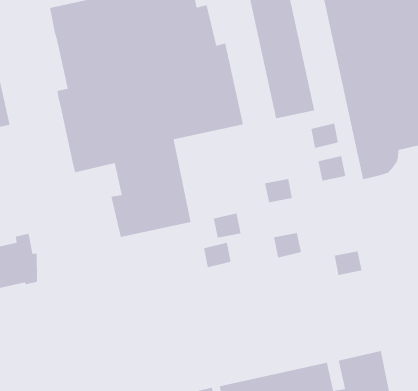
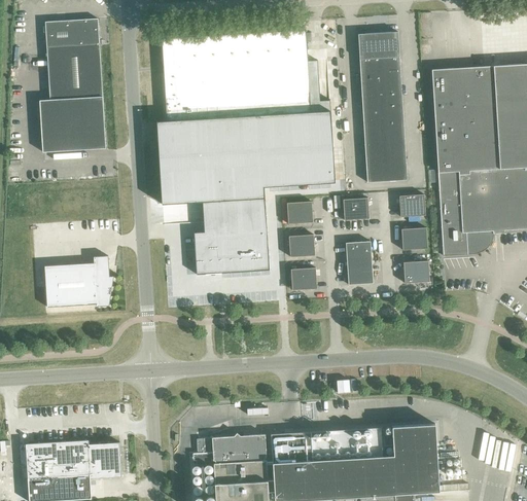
building: none -> [343,199,368,220]
building: none -> [286,202,312,224]
building: [273,232,302,258] -> [347,262,373,285]
building: [203,242,232,268] -> [288,235,314,257]
building: [334,250,362,276] -> [403,261,429,283]

